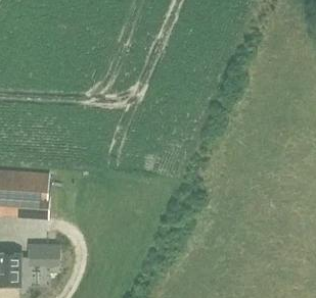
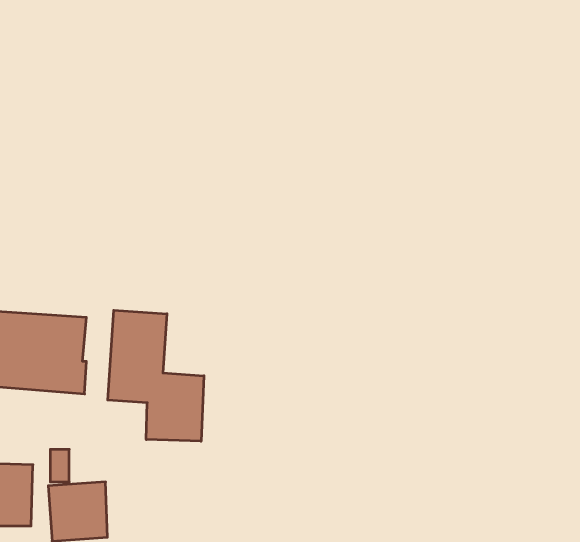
building: none -> [108,310,204,441]

